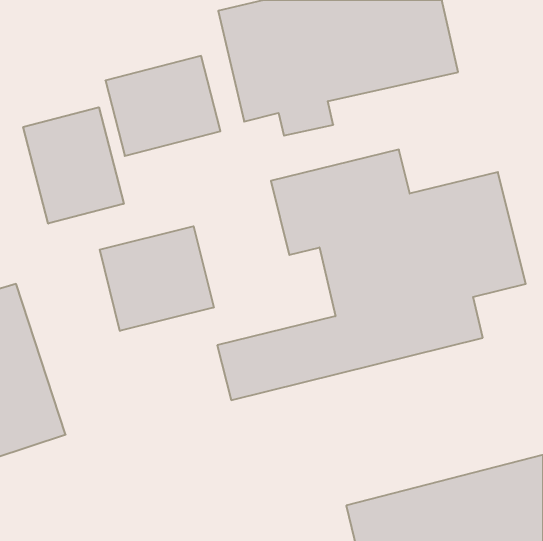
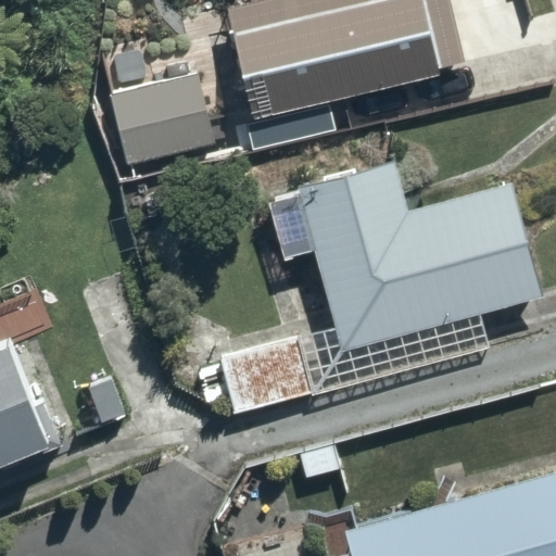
building: [23,107,124,224] -> none
building: [100,226,214,331] -> none

